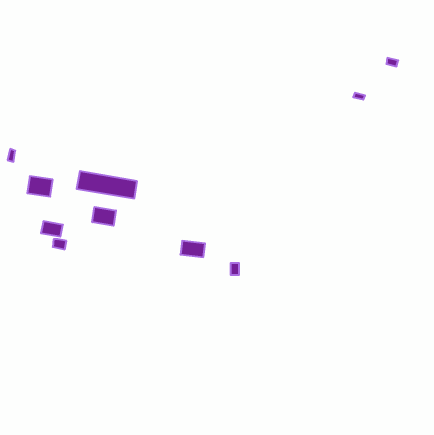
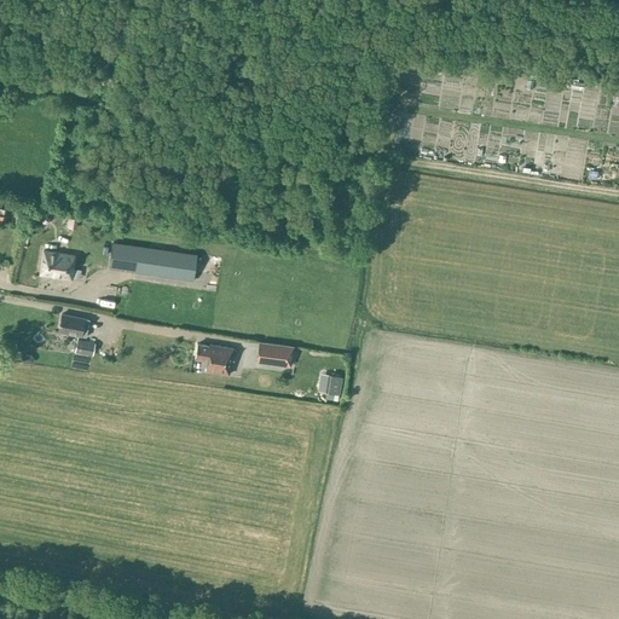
building: [92,207,116,226] -> none
building: none -> [195,342,235,375]

